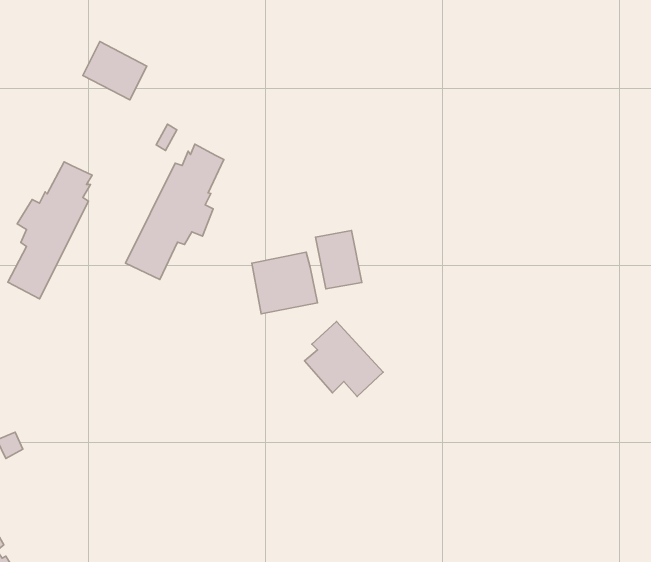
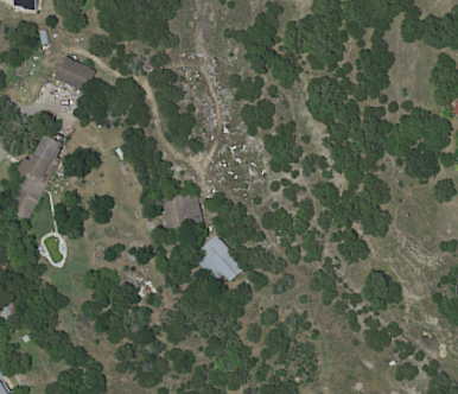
building: [125,144,224,279] -> none
building: [316,231,362,289] -> none

